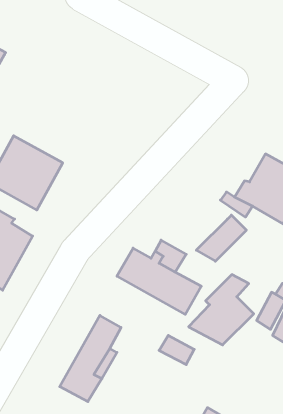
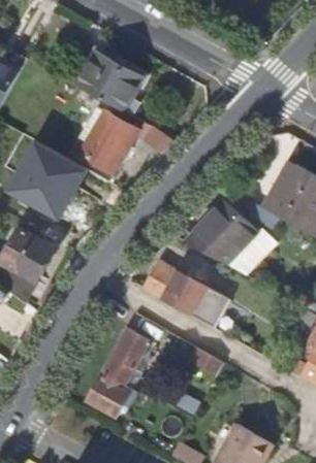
building: none -> [75,54,140,113]
building: none -> [81,111,173,172]
building: [189,275,254,345] -> [188,189,255,261]

